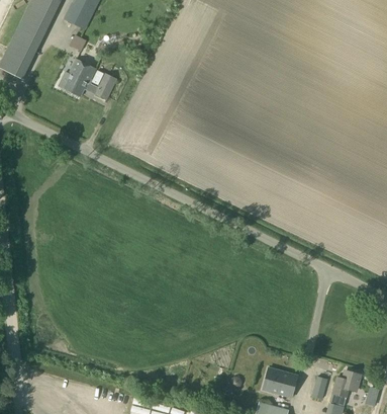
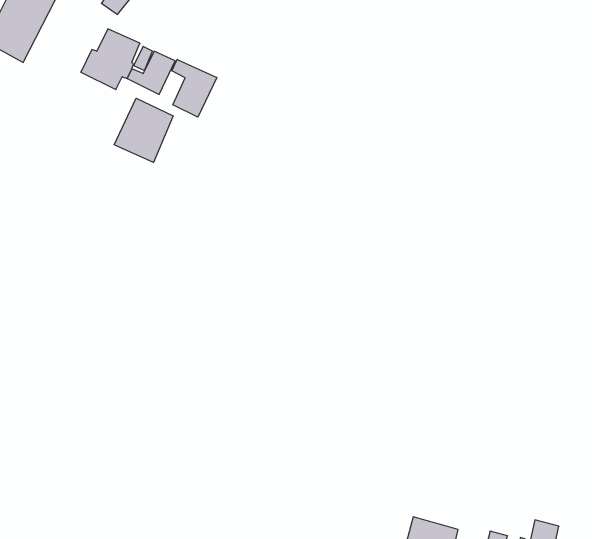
building: none -> [172,59,217,117]
building: none -> [114,98,173,162]

